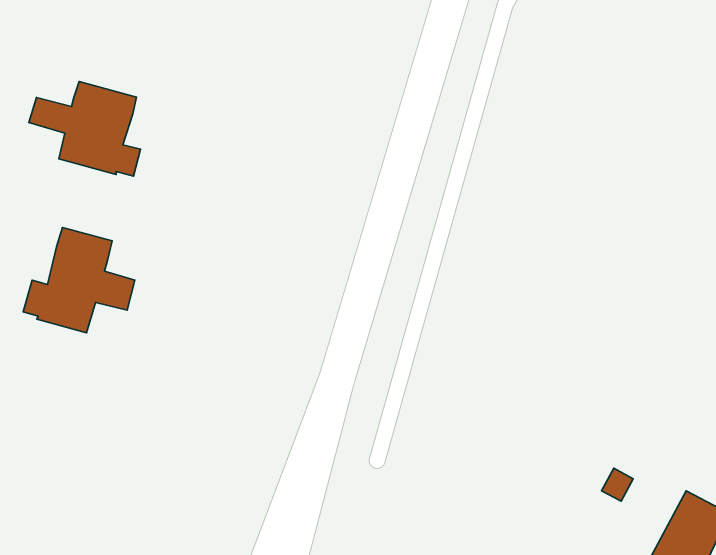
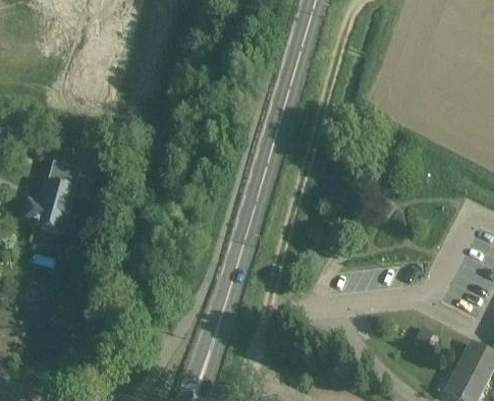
building: [29,81,140,176] -> none

